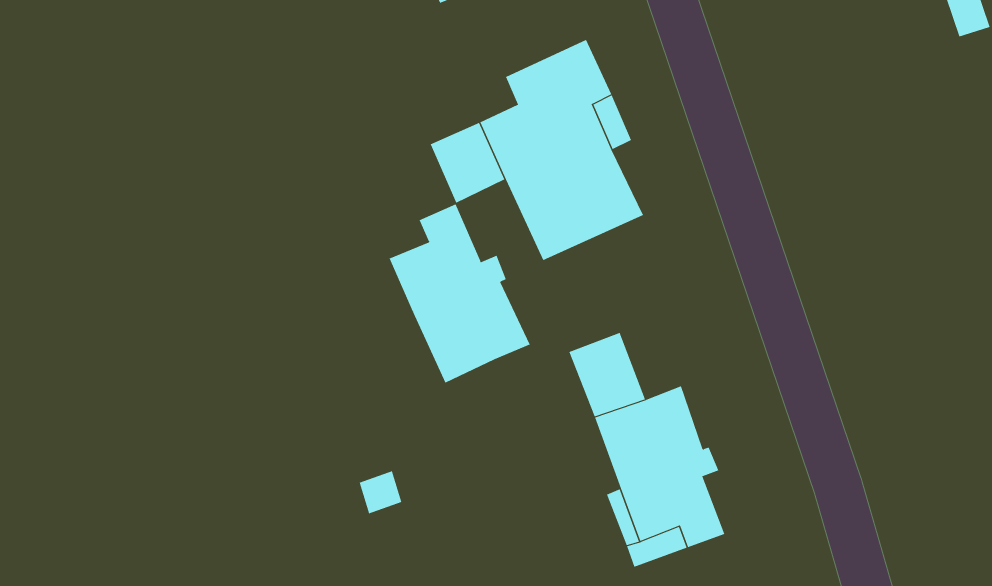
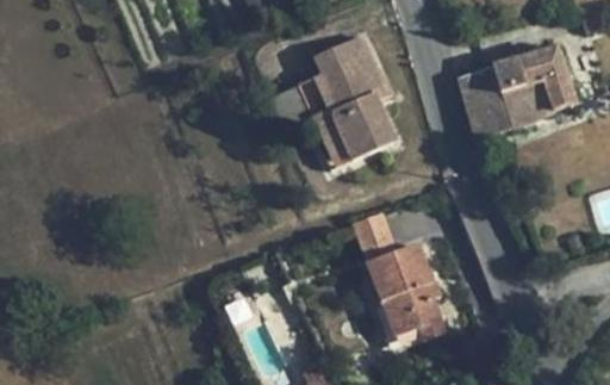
building: none -> [456,45,574,138]
building: [389,203,530,383] -> none

